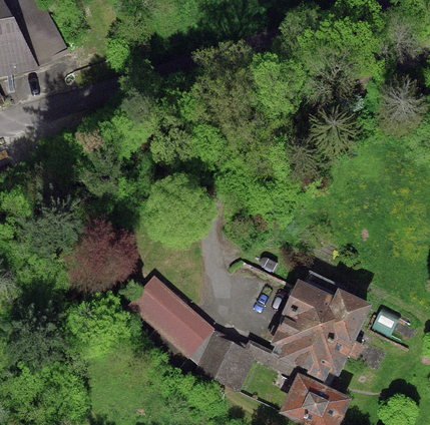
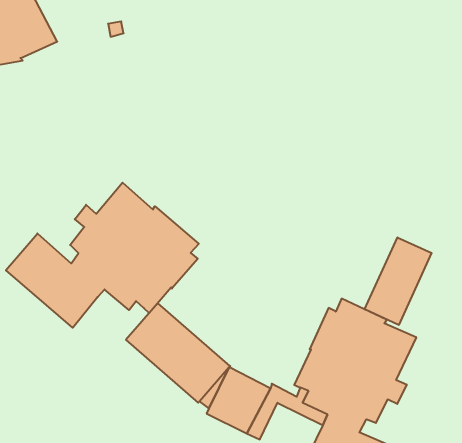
building: none -> [6,183,199,328]
building: none -> [365,237,432,325]

